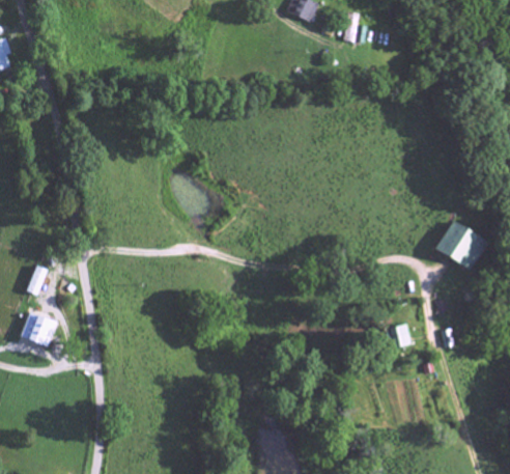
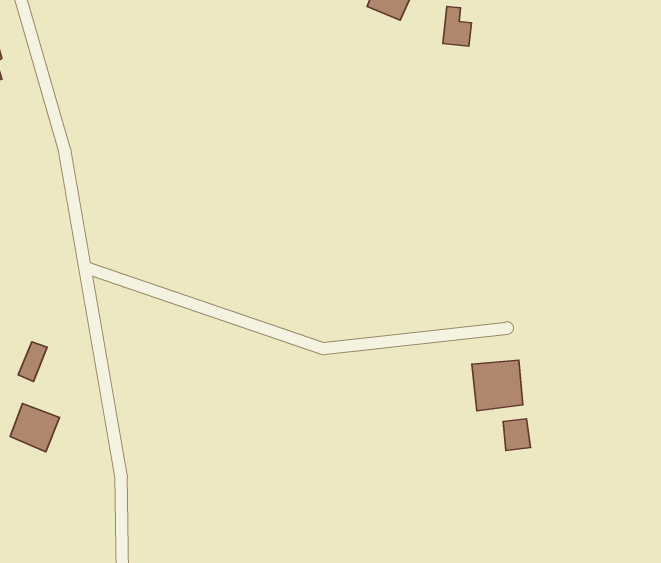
building: [435,220,489,272] -> none
building: none -> [472,360,523,411]

